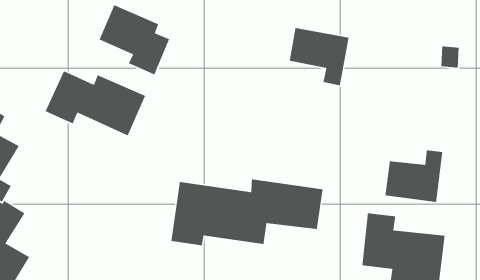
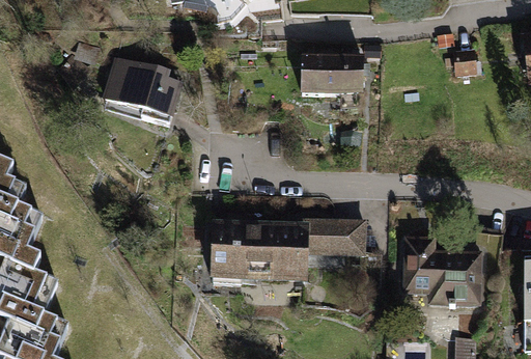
building: [44,70,146,137] -> none
building: [384,150,443,203] -> none

